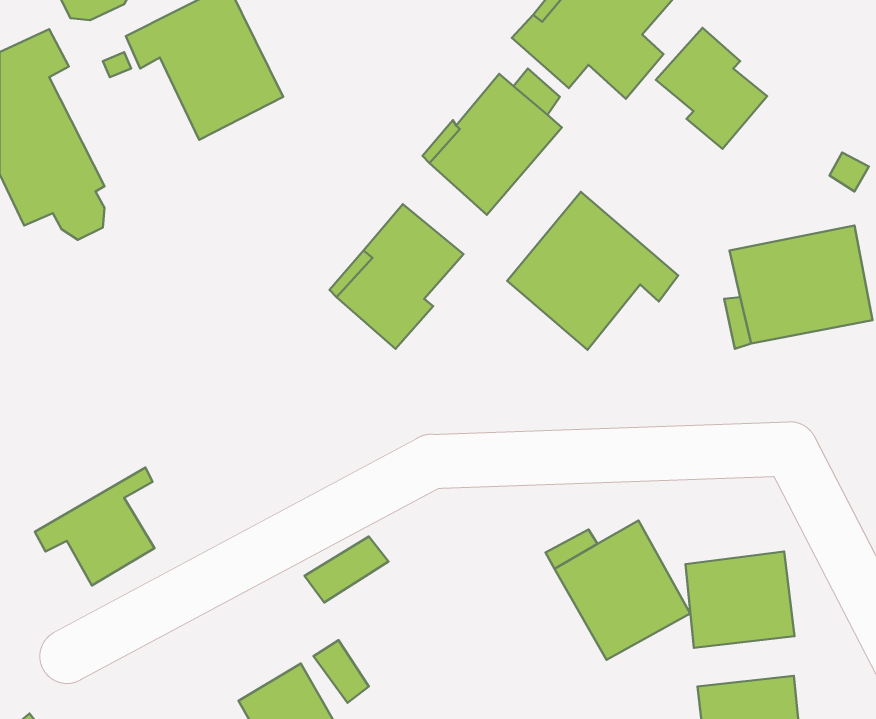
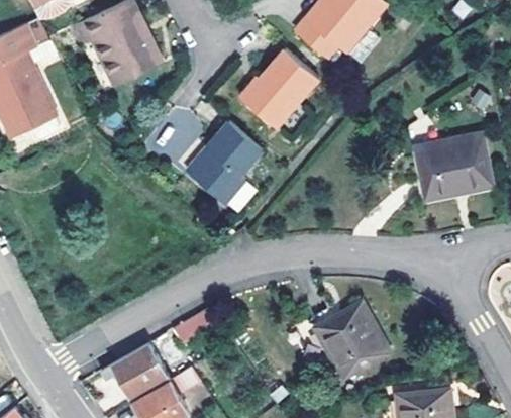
building: [656,28,767,149] -> none
building: [507,192,678,350] -> none
building: [35,468,154,586] -> [103,335,171,402]
building: [685,551,795,648] -> none

